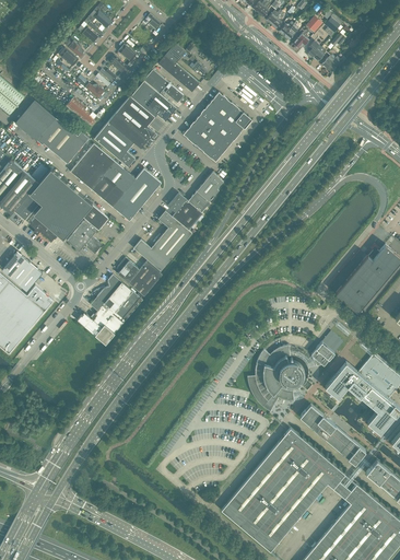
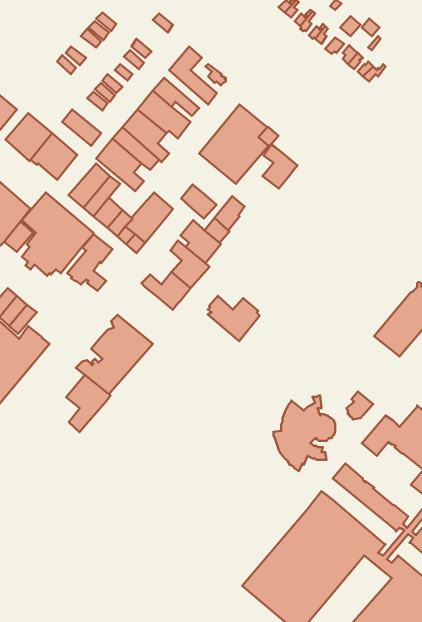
building: none -> [262,144,298,189]
building: [105,162,136,191] -> [181,185,217,219]
building: [117,258,162,298] -> [208,296,259,341]
building: none -> [66,375,110,432]

